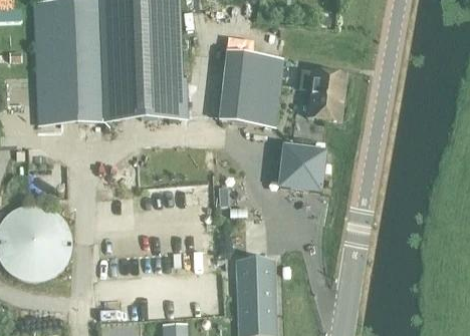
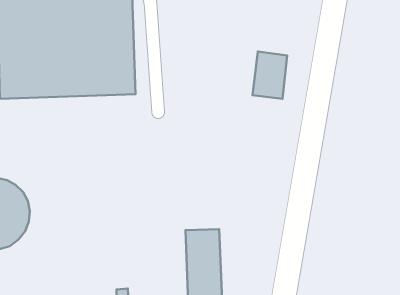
building: [219,51,282,124] -> none
building: [279,145,323,191] -> none

